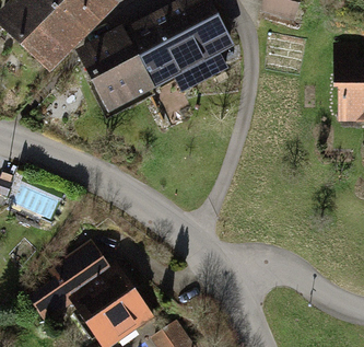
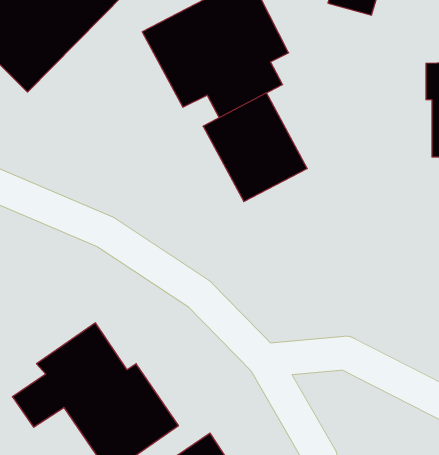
building: [81,32,156,111] -> [203,93,307,202]

